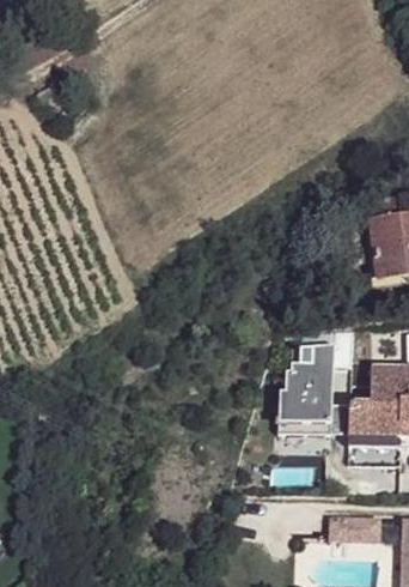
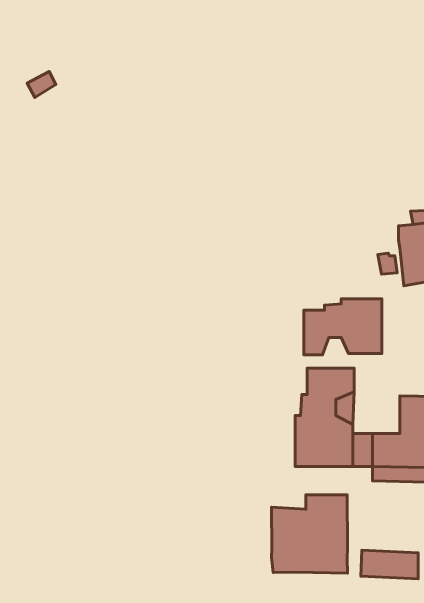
building: none -> [304,299,382,355]
building: none -> [271,495,347,573]

